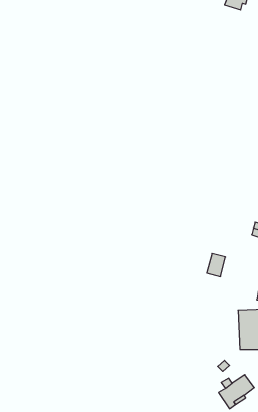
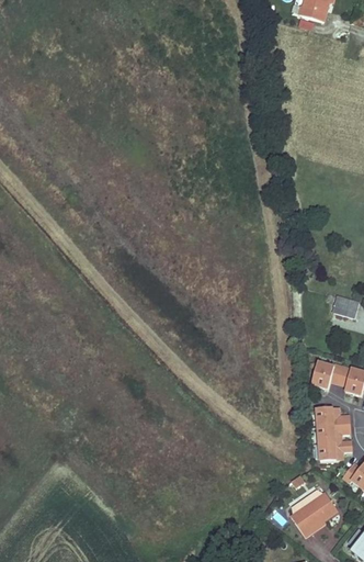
building: [207,253,226,276] -> [312,360,337,390]

